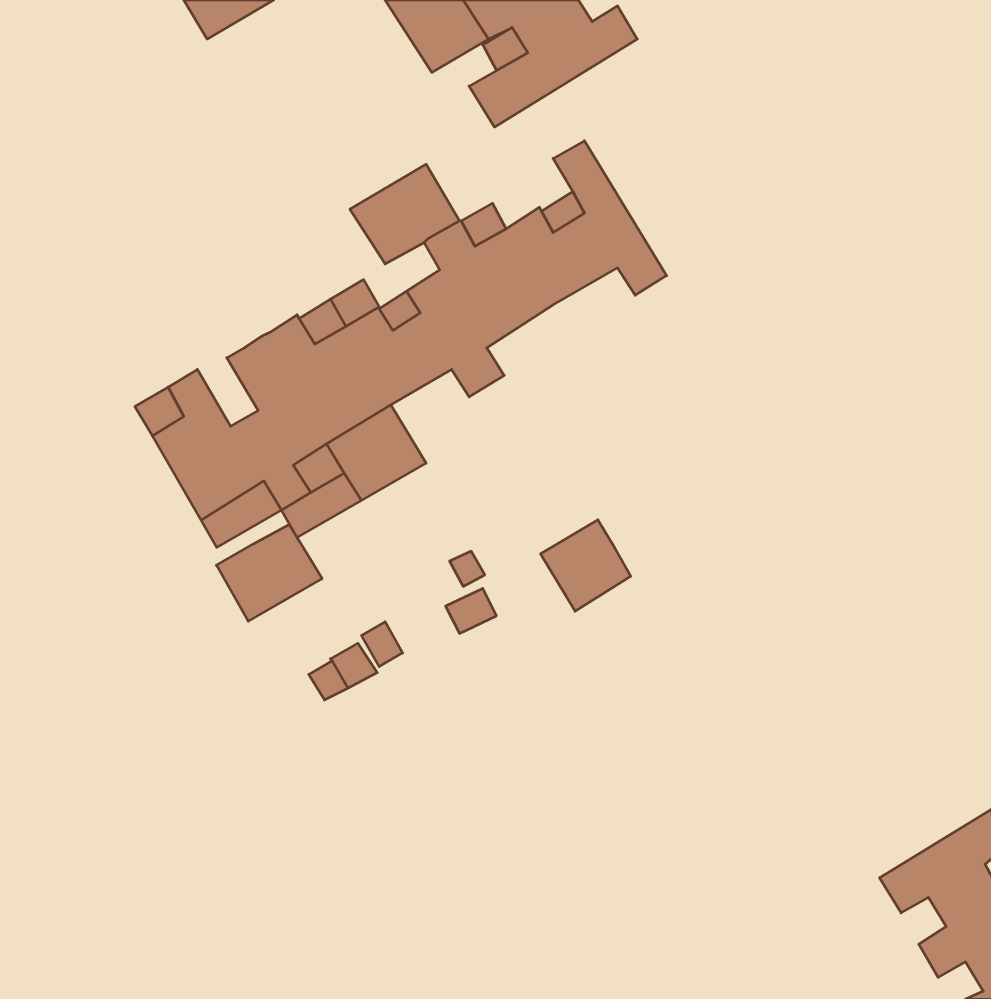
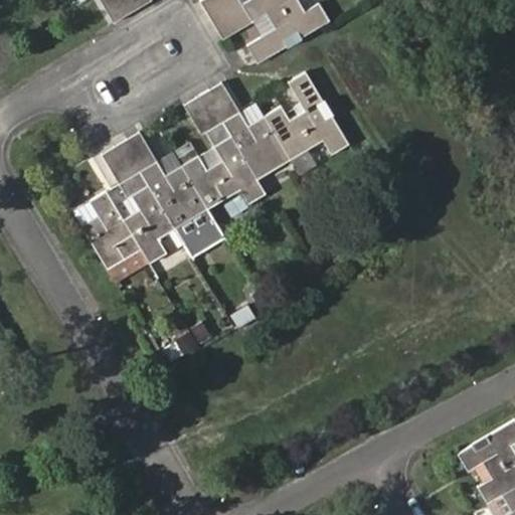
building: none -> [102,134,157,185]
building: [541,520,631,611] -> none
building: [216,524,322,621] -> none

